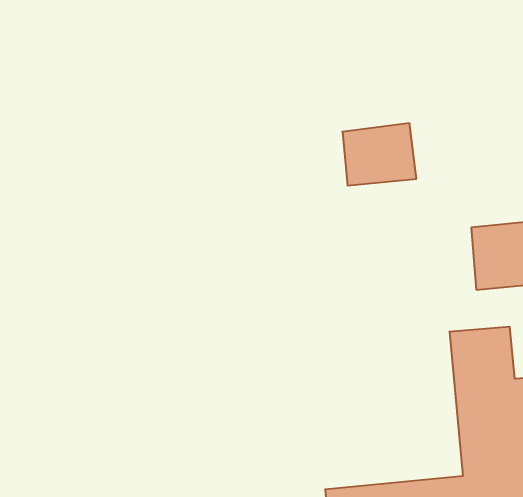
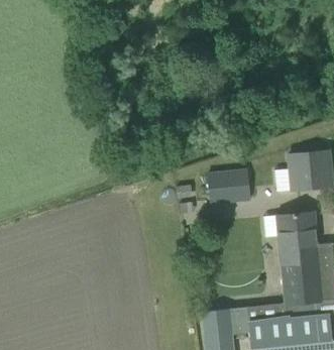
building: [342,123,416,185] -> [208,167,252,205]

